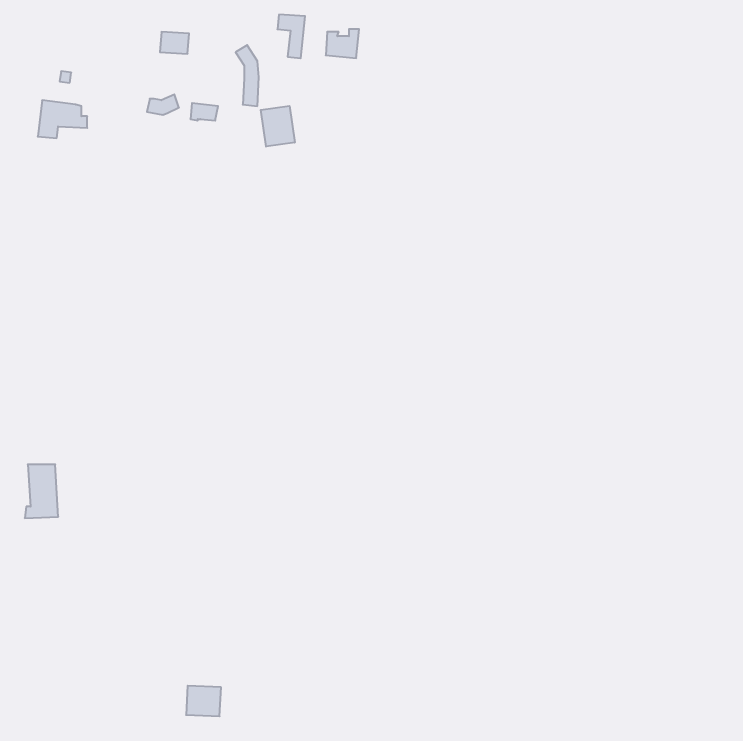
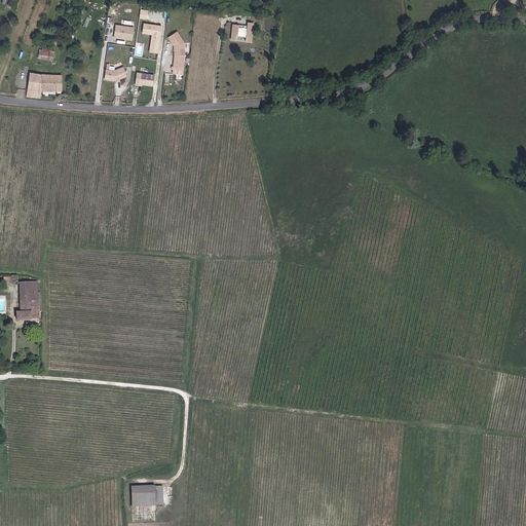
building: [277,15,305,58] -> [142,22,161,52]
building: [261,106,295,147] -> none
building: [25,464,58,518] -> [16,280,40,318]

